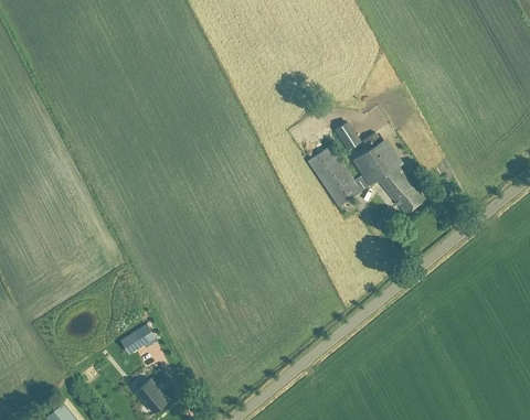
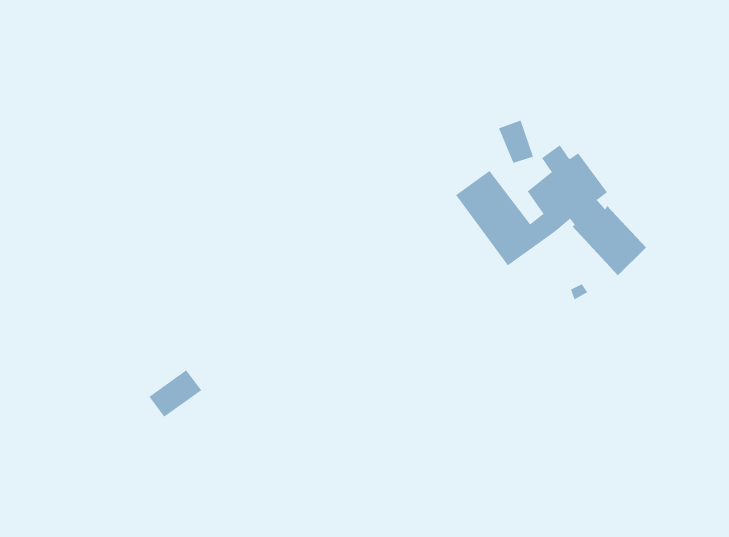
building: [121,324,155,353] -> [148,369,202,417]

